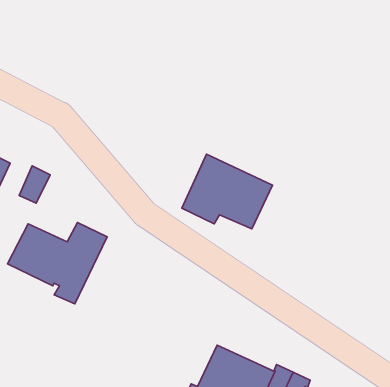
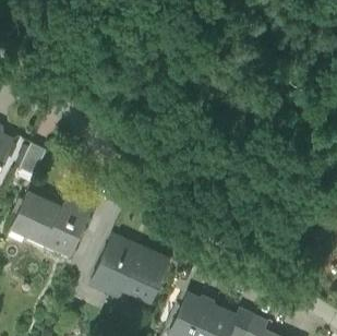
building: [182,154,272,229] -> [91,236,167,299]

